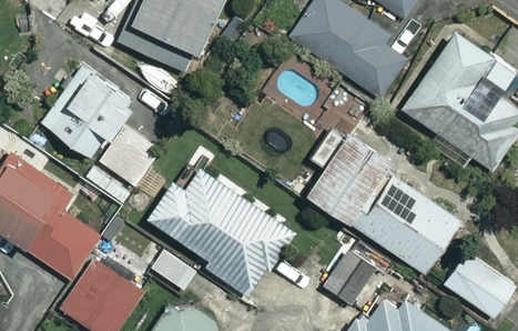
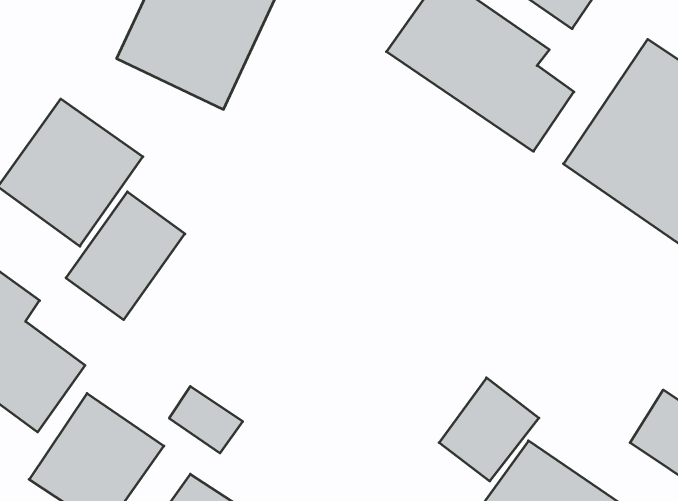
building: [305,120,463,275] -> none
building: [150,172,294,299] -> none

